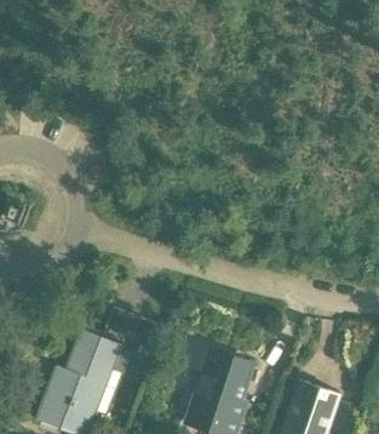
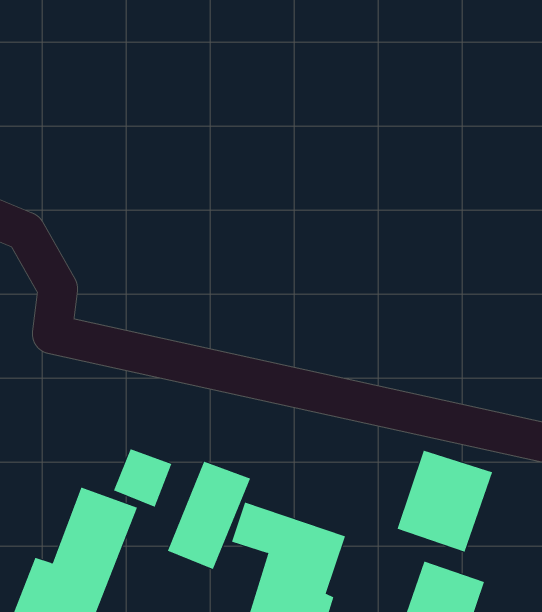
building: none -> [397,450,493,553]
building: none -> [167,461,251,570]

